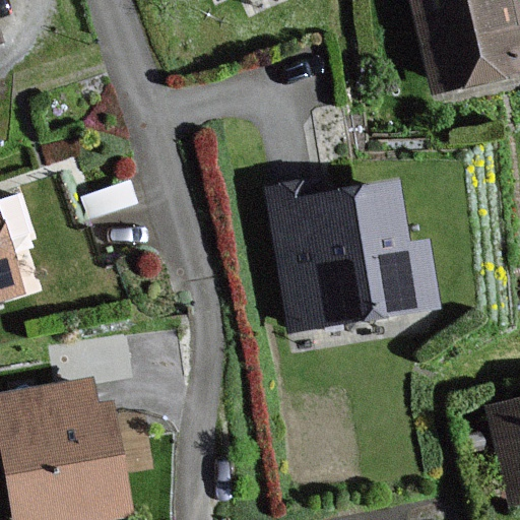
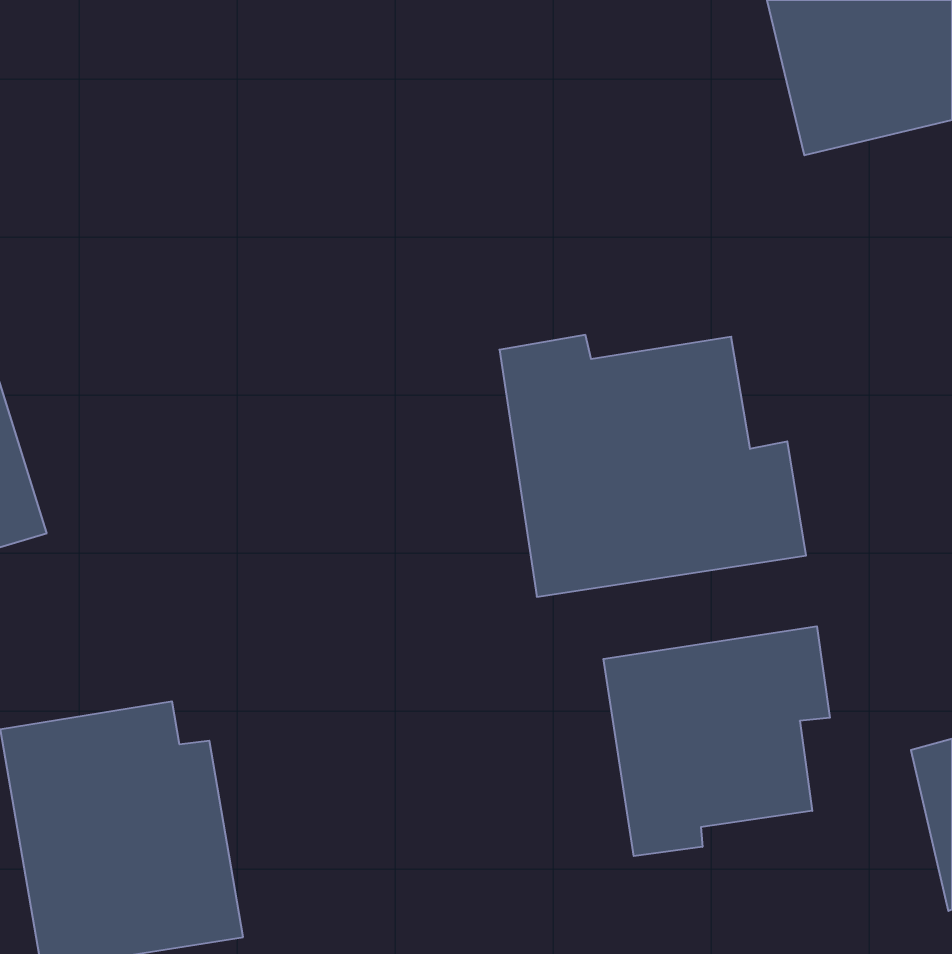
building: none -> [603,626,830,856]

